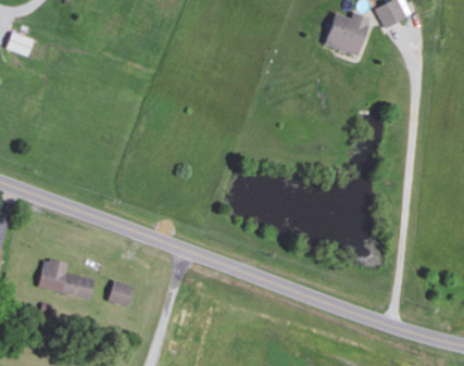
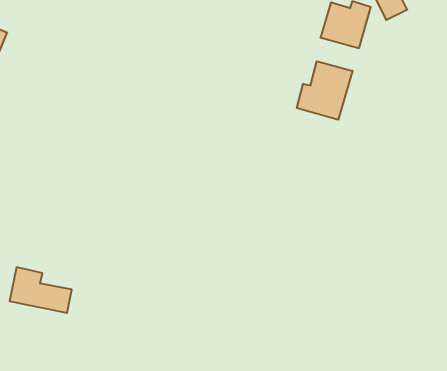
building: none -> [297,61,353,120]
building: [106,280,135,306] -> none

